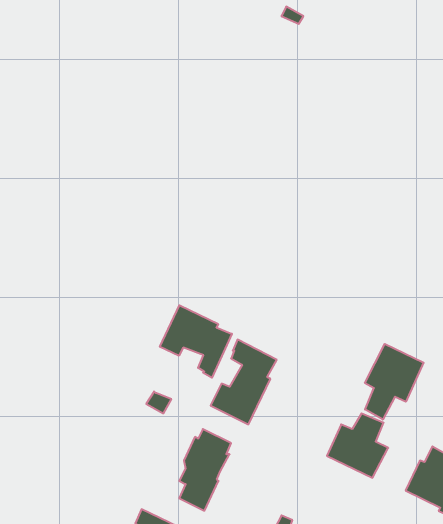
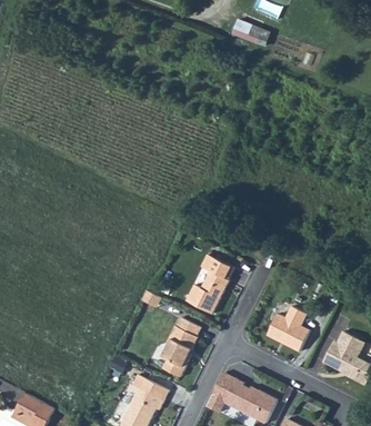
building: [160,305,232,378] -> none
building: [365,344,424,420] -> none

